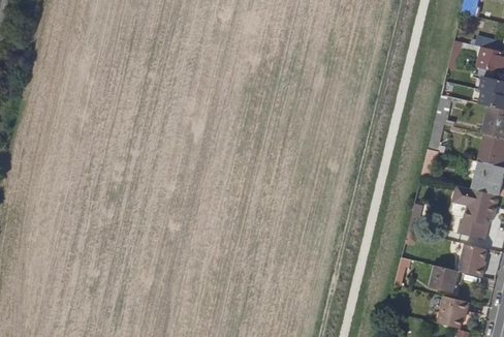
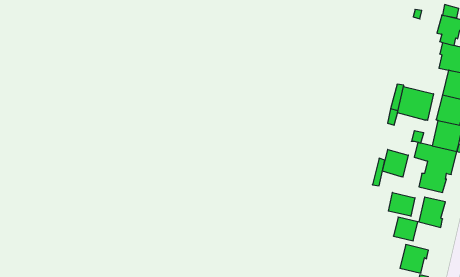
building: none -> [398,86,433,120]
building: none -> [382,149,408,177]
building: none -> [388,192,415,216]

